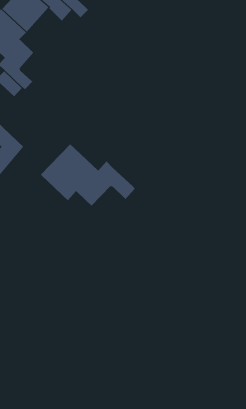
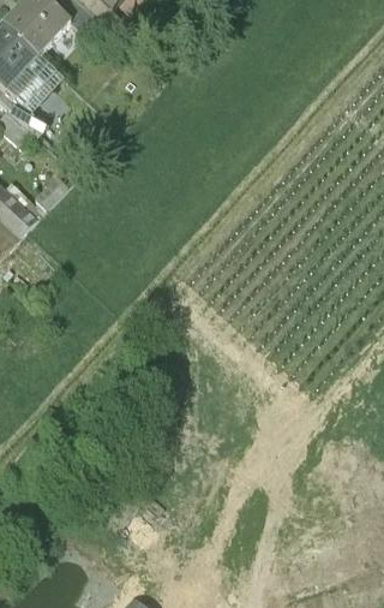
building: [40,143,135,206] -> none

